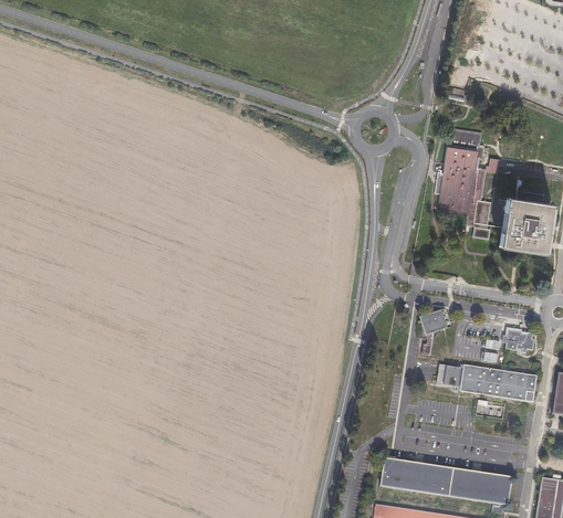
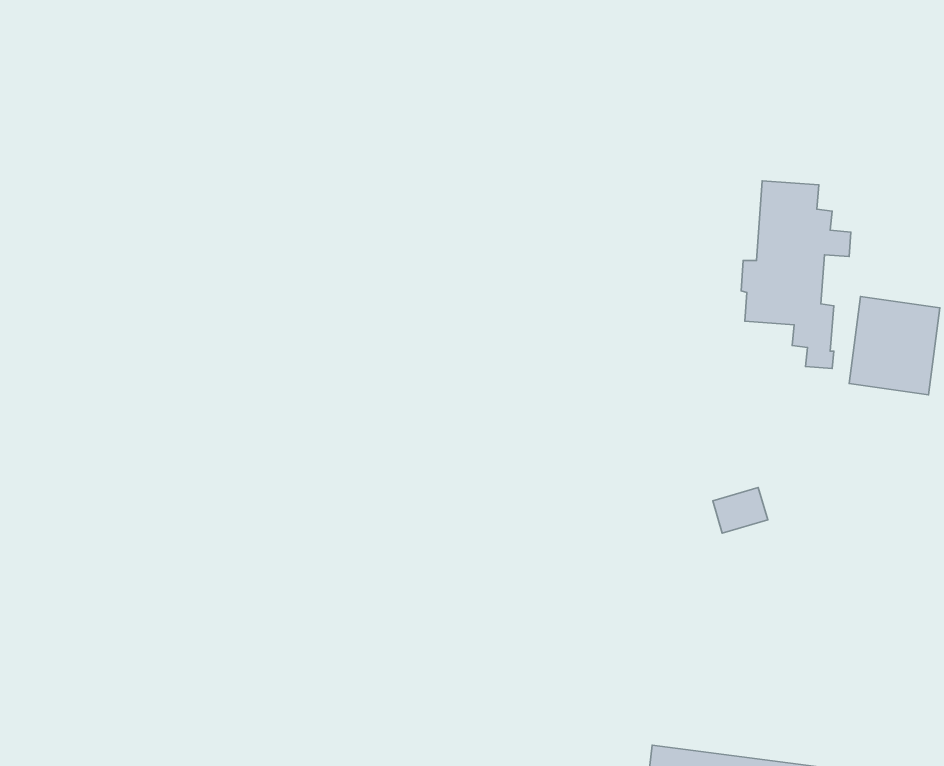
building: [504,328,535,351] -> none
building: [438,364,538,401] -> none

